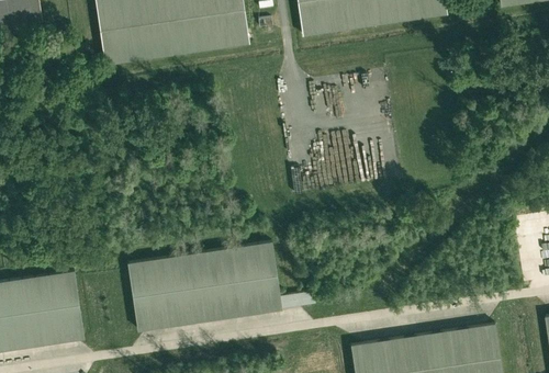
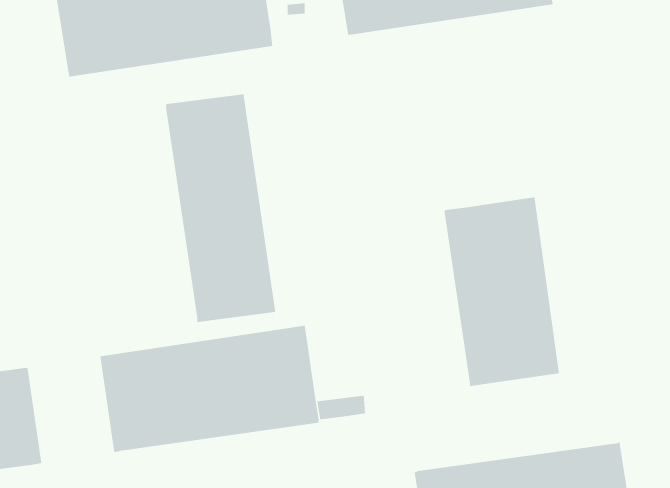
building: none -> [166,94,276,323]
building: none -> [444,197,560,387]

